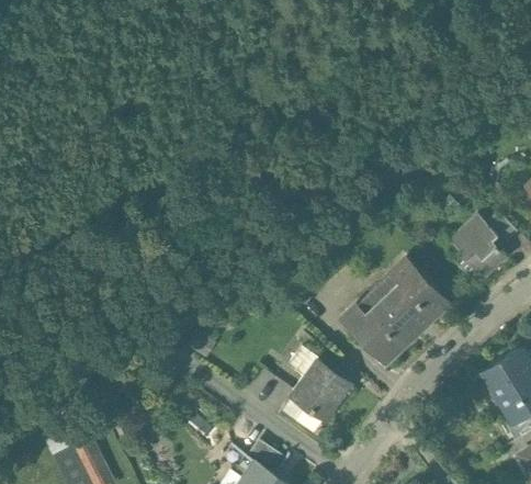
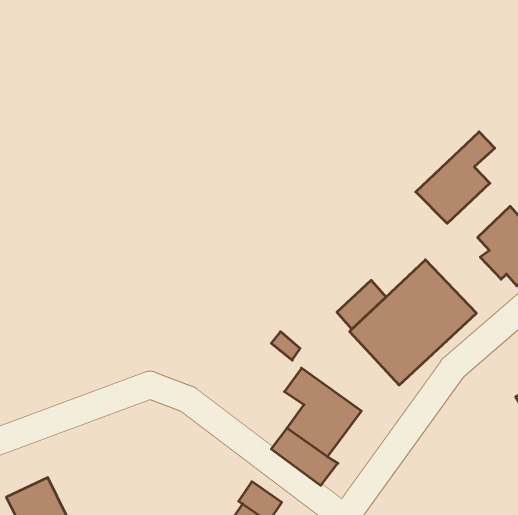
building: none -> [416,132,495,223]
building: none -> [337,280,386,329]

